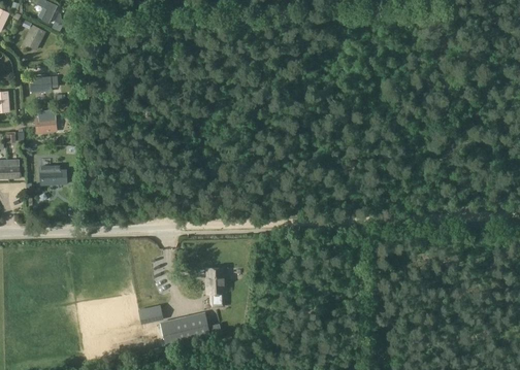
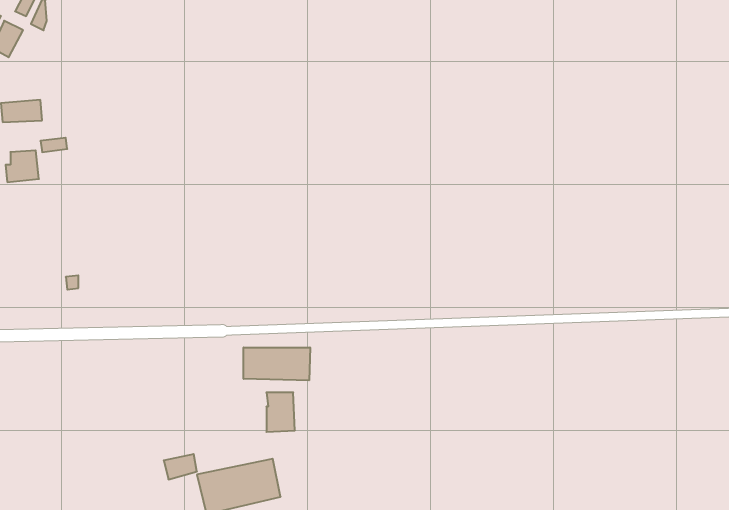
building: [40,166,65,184] -> none
building: none -> [244,347,310,380]

